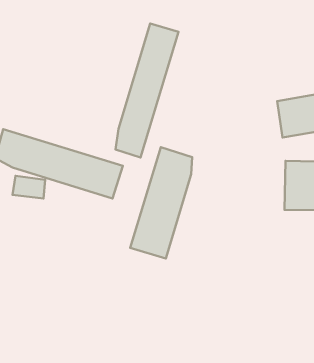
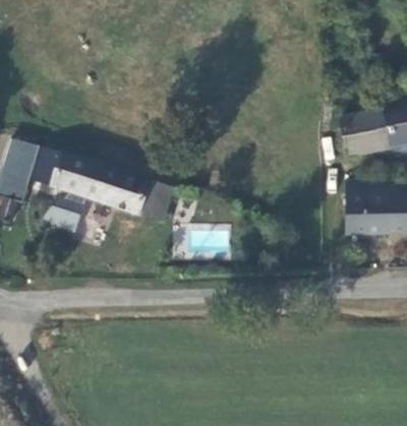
building: [116,24,179,157] -> none
building: [130,147,192,259] -> none

